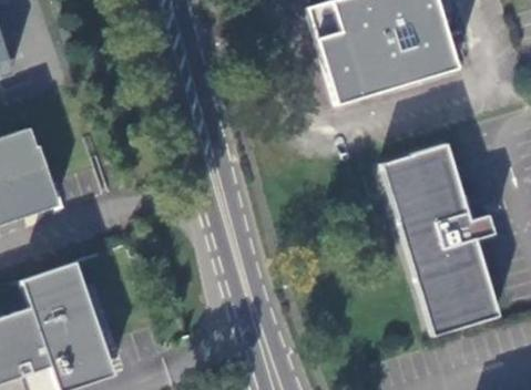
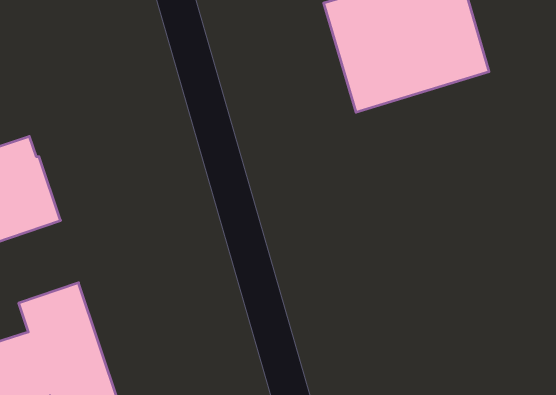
building: [380,143,499,335] -> none

